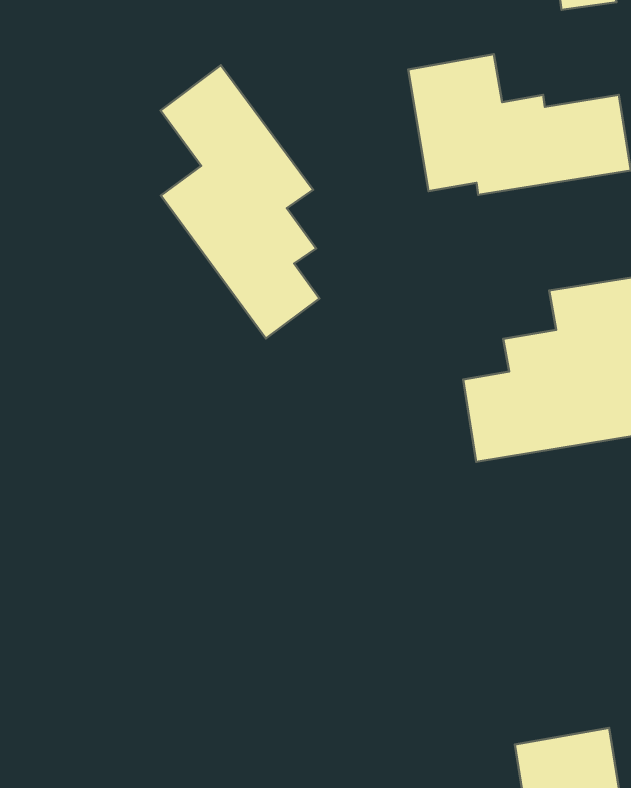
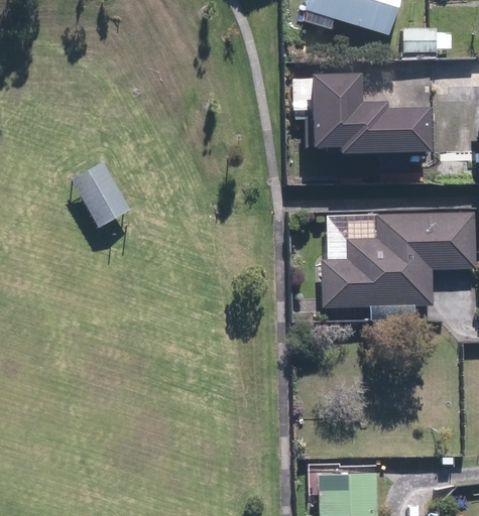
building: [160,65,320,339] -> none
building: none -> [72,161,130,227]

